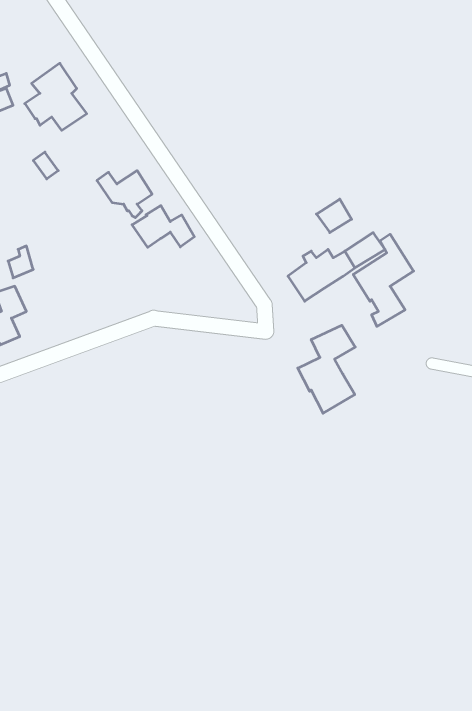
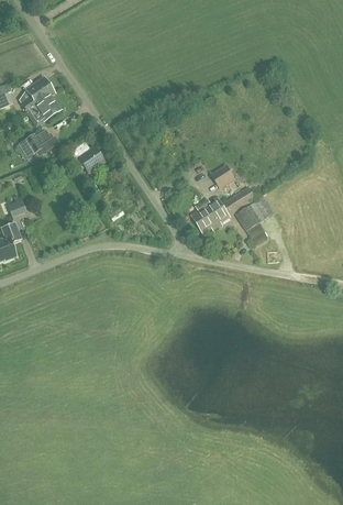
building: [132,206,194,247] -> none
building: [298,325,355,413] -> none

